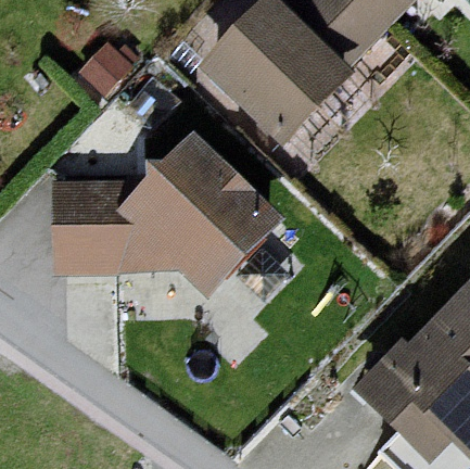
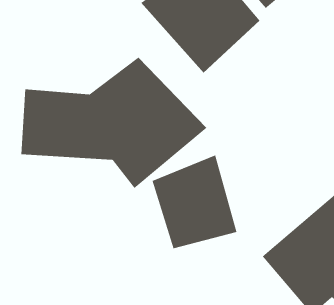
building: none -> [152,154,237,249]

